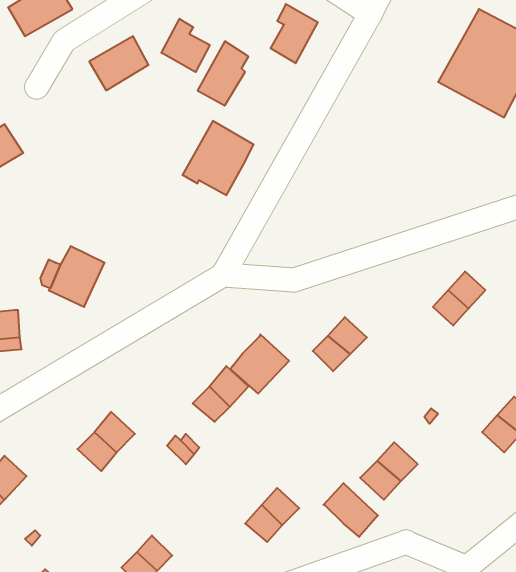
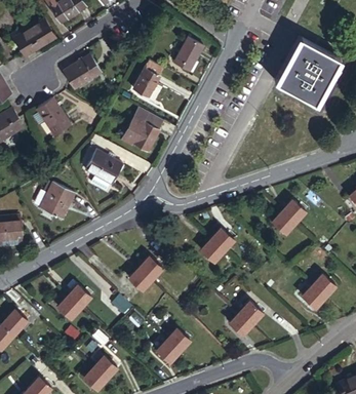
building: [161,19,210,72] -> none
building: none -> [37,97,69,135]
building: none -> [84,150,121,193]
building: [230,334,289,394] -> none
building: [323,483,378,537] -> none

